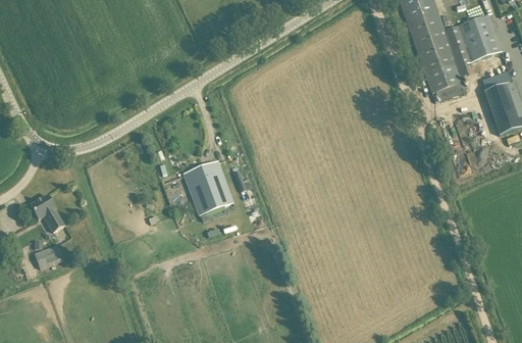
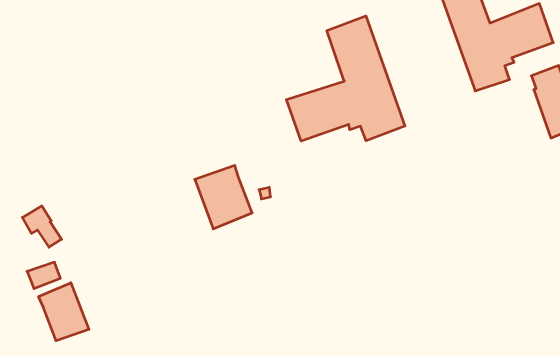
building: none -> [286,16,405,141]
building: none -> [39,283,89,341]

